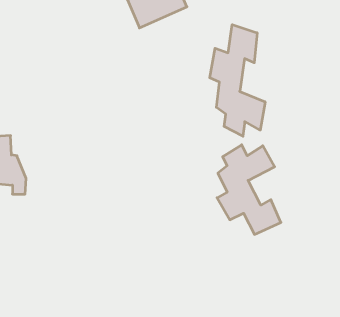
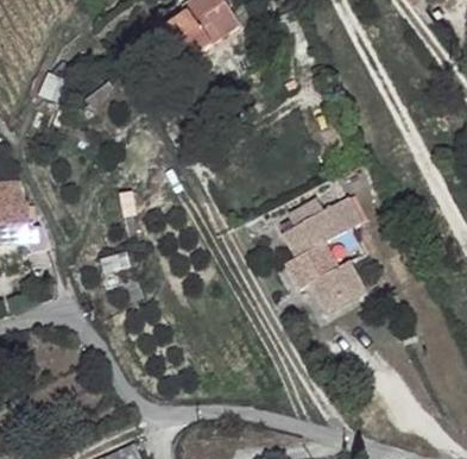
building: [210,25,265,136] -> none

